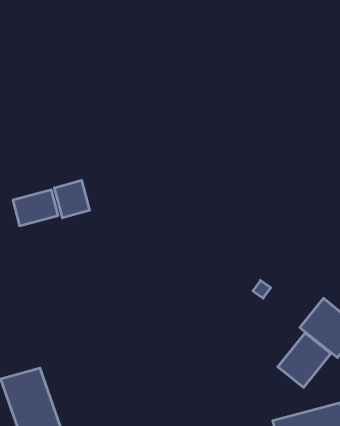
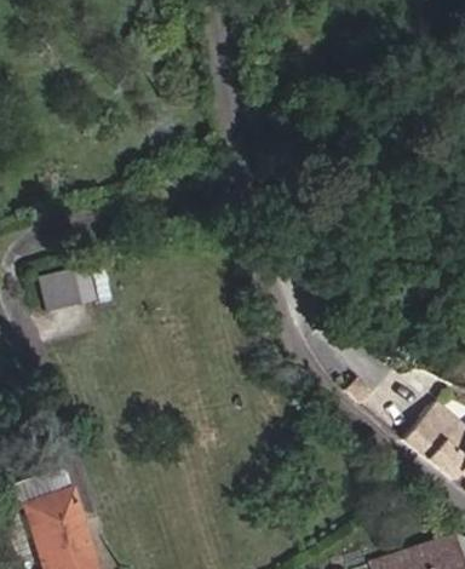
building: [54,180,90,218] -> none
building: [278,333,331,387] -> none

